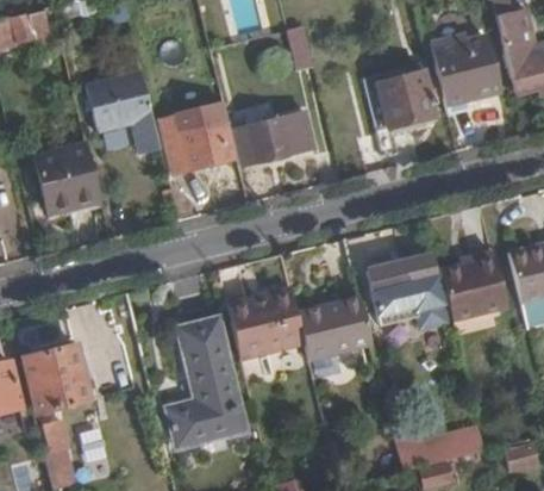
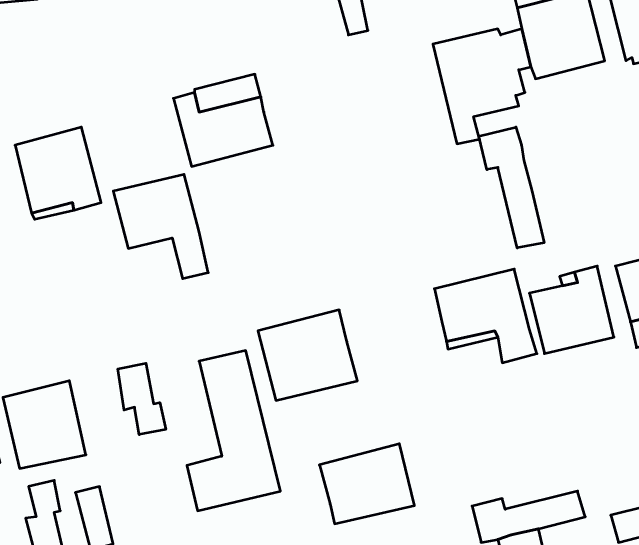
building: [87,73,162,155] -> [113,174,208,279]
building: [231,113,315,166] -> none
building: none -> [479,127,544,248]
building: [296,296,371,359] -> [319,444,414,524]
building: none -> [118,363,166,435]

